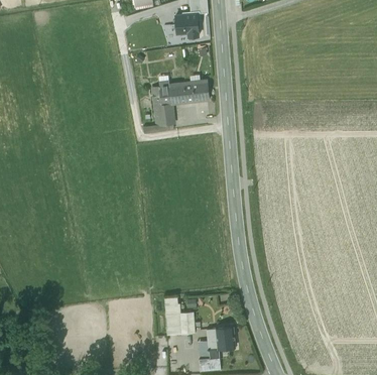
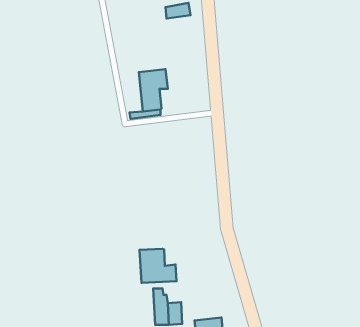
building: [177,82,209,105] -> none
building: none -> [140,249,177,283]

